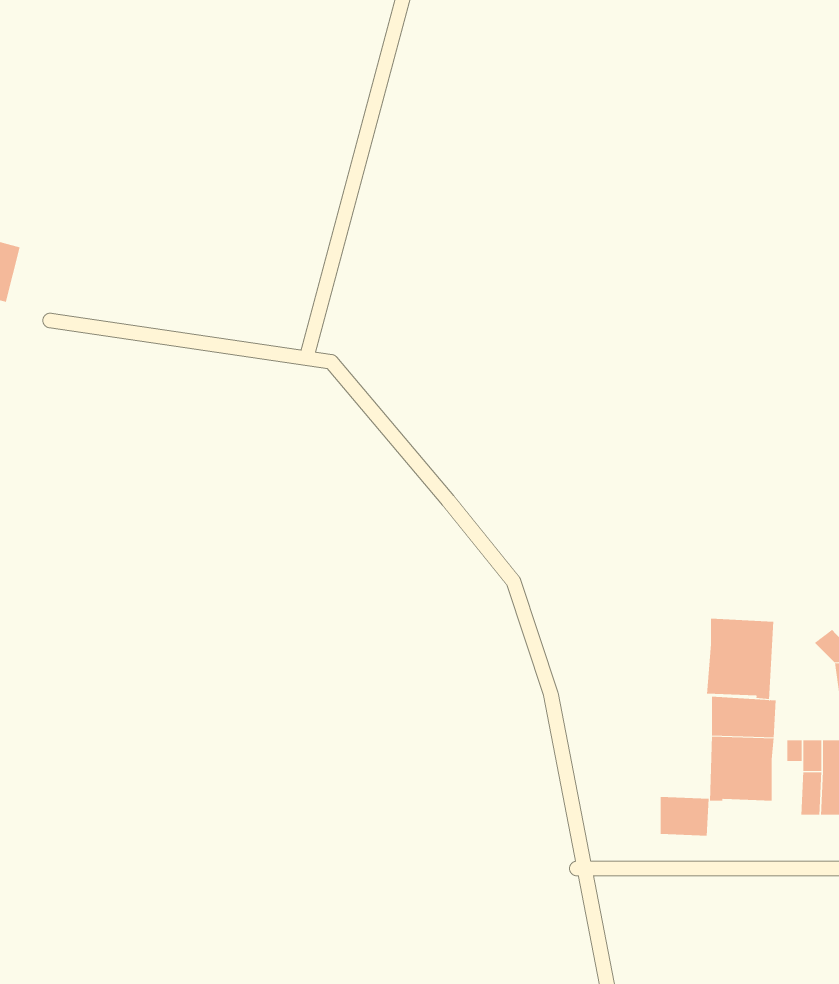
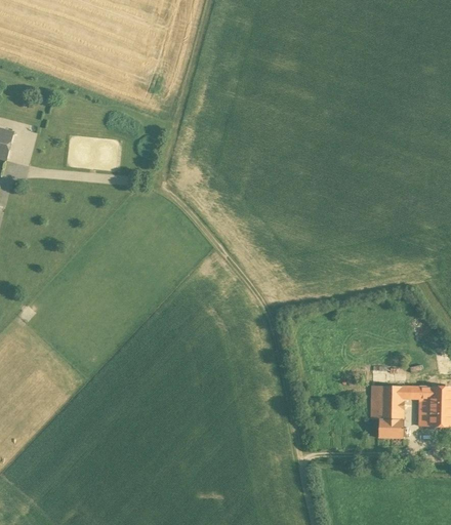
building: [707,618,774,700] -> none
building: [660,797,709,836] -> [376,418,402,439]

